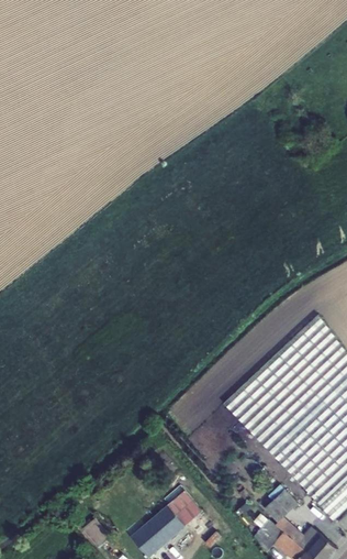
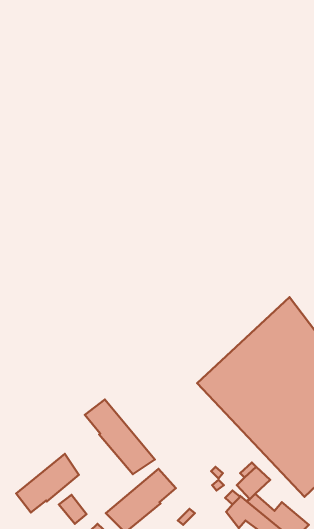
building: none -> [85,399,155,474]
building: none -> [16,454,79,512]

